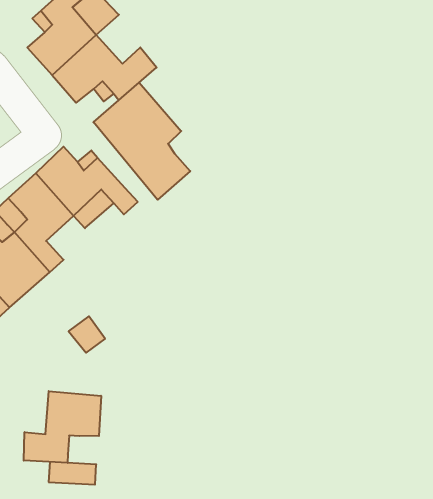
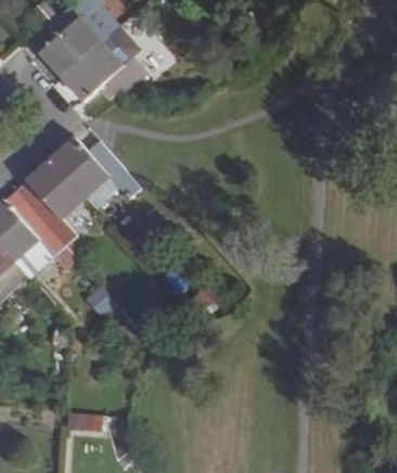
building: none -> [100,23,142,65]
building: [93,83,190,200] -> none
building: [24,391,101,463] -> none

